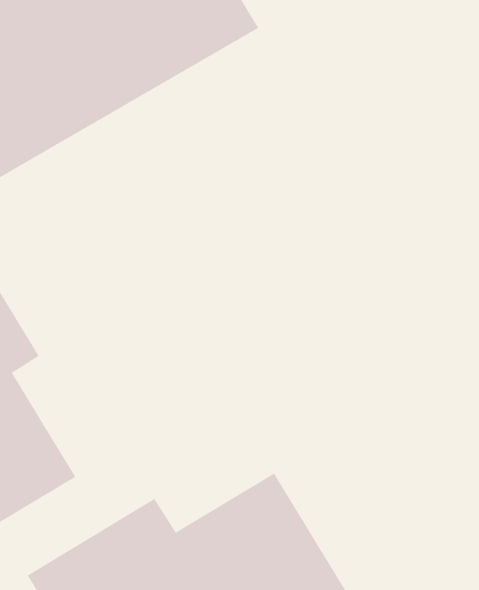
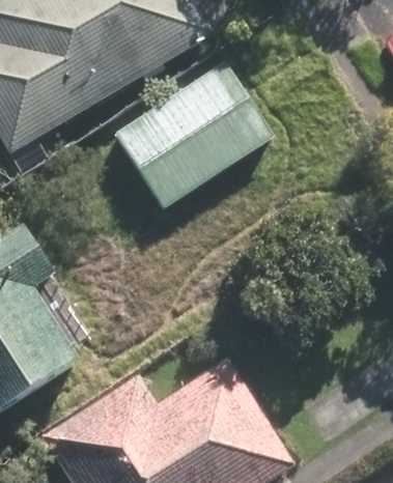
building: none -> [115,62,275,209]

